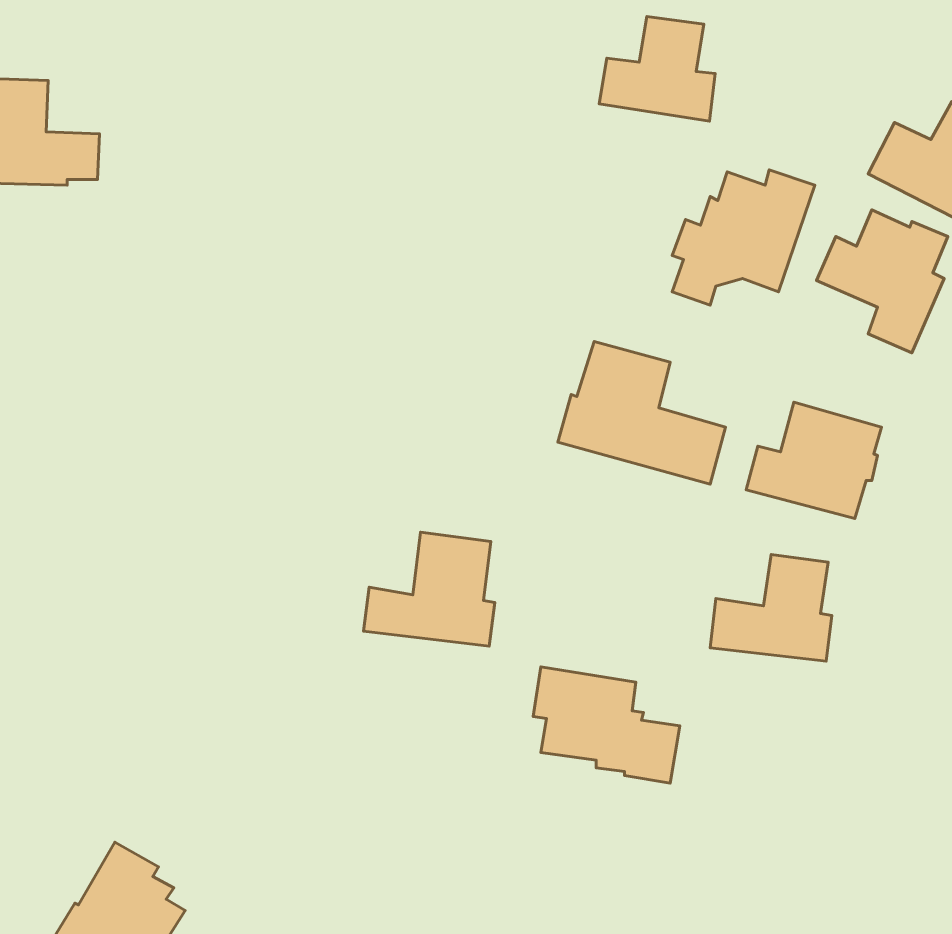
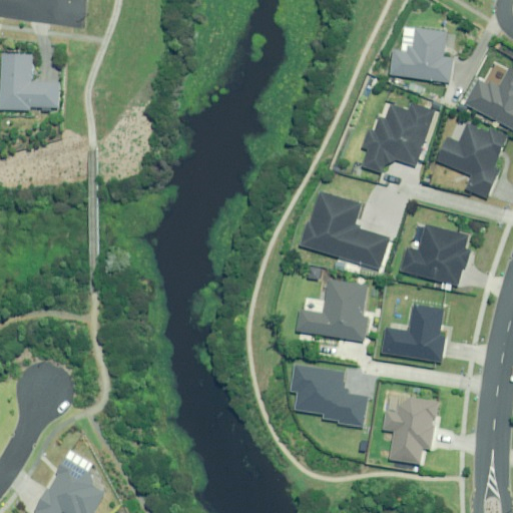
building: [599,16,715,121] -> [390,28,451,83]
building: [364,532,495,646] -> [298,281,367,341]
building: none -> [383,397,438,464]

